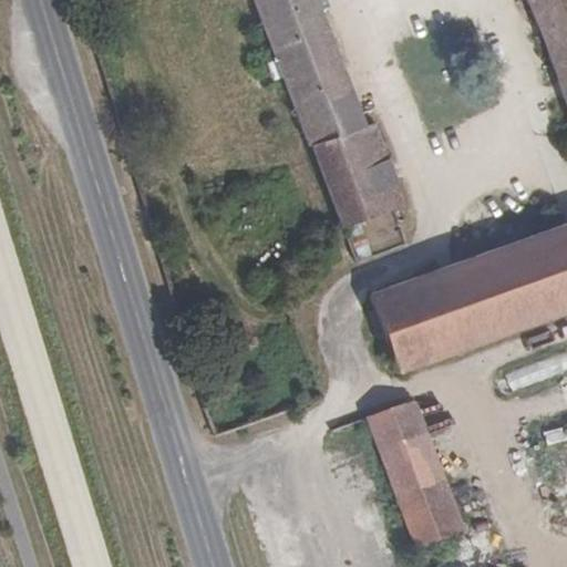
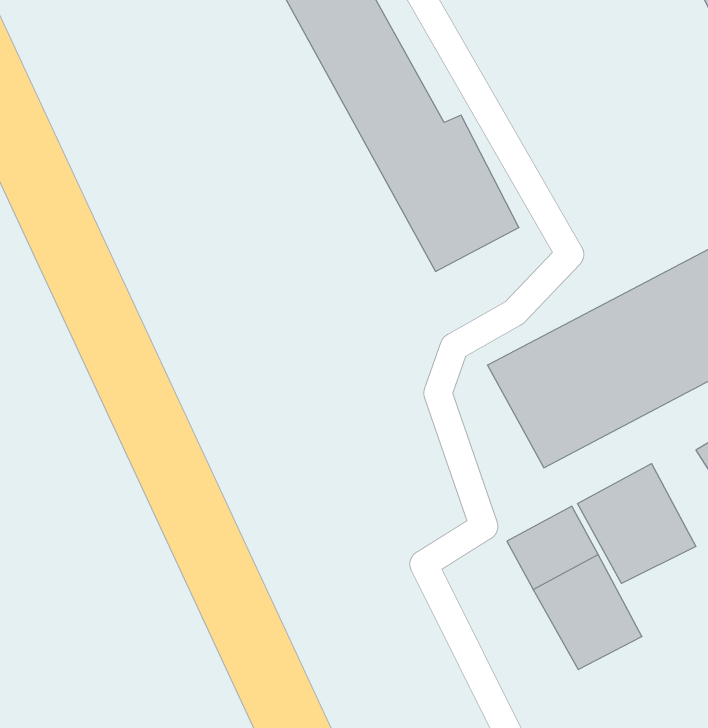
building: none -> [578,464,696,583]
building: [404,494,464,545] -> none

